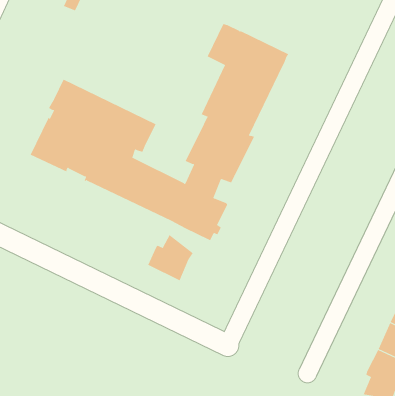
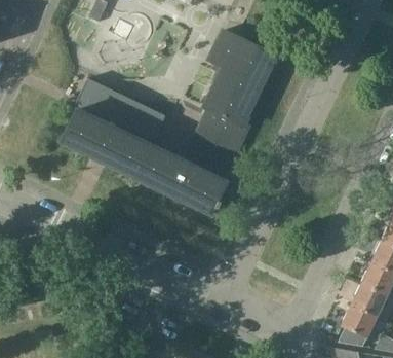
building: [147,234,193,281] -> none

